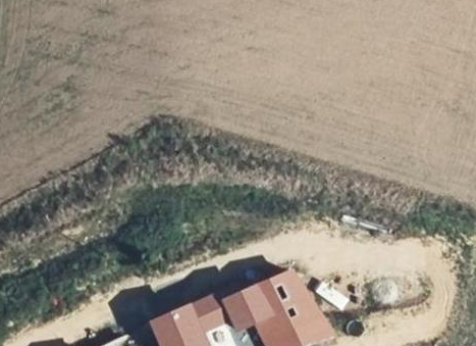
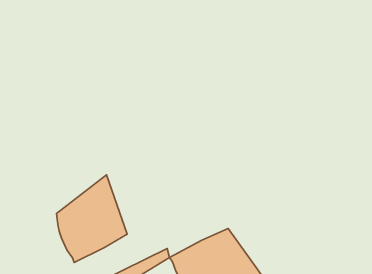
building: none -> [57,175,127,263]

